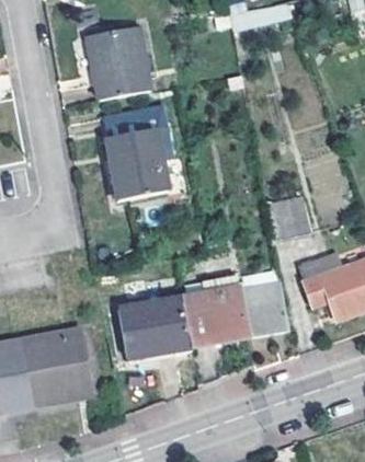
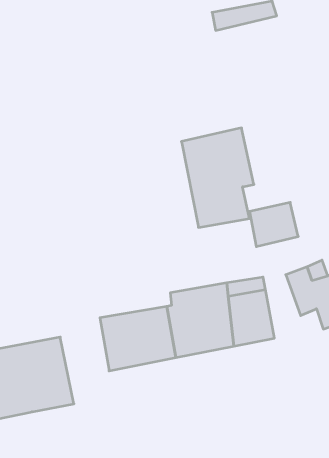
building: [88,27,150,100] -> none
building: [103,103,173,199] -> [181,128,254,227]

